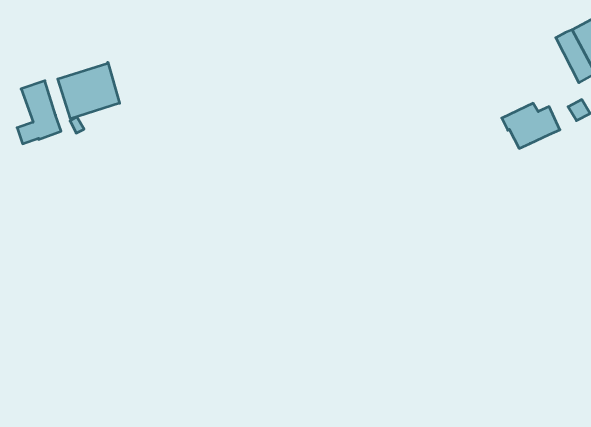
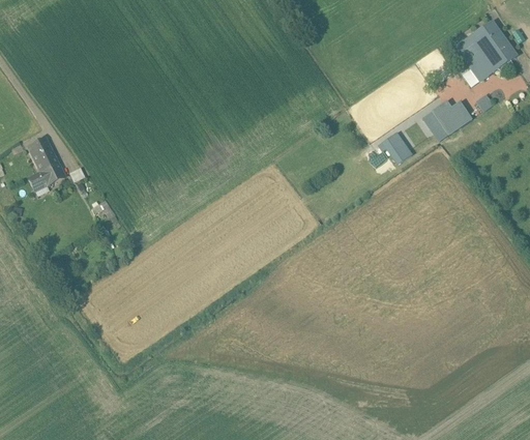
building: [58,62,120,119] -> none
building: none -> [381,130,412,164]

